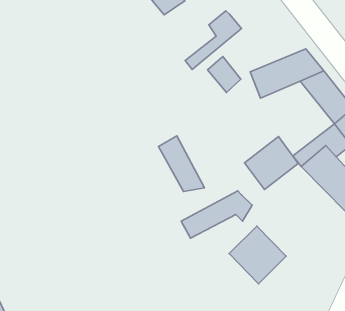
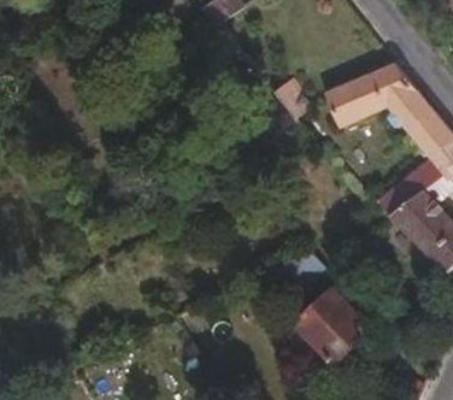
building: [185,11,242,70] -> none
building: [158,136,205,192] -> none
building: [245,137,298,190] -> none

